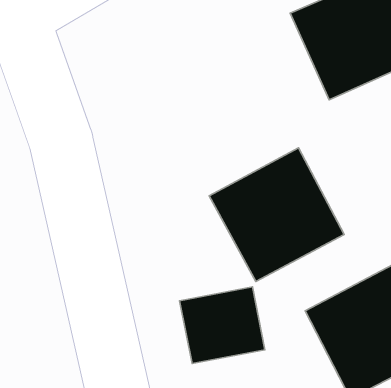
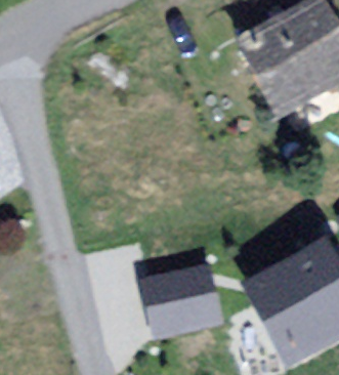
building: [209,148,344,281] -> none

